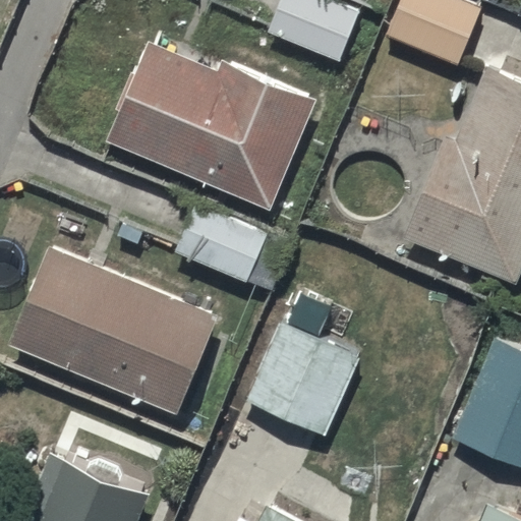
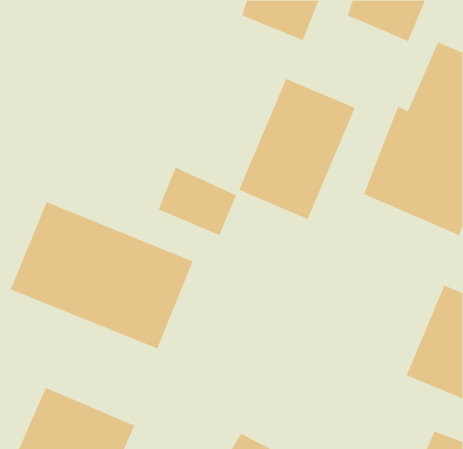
building: [107,41,317,208] -> none
building: none -> [239,78,356,220]
building: [246,323,360,435] -> none

